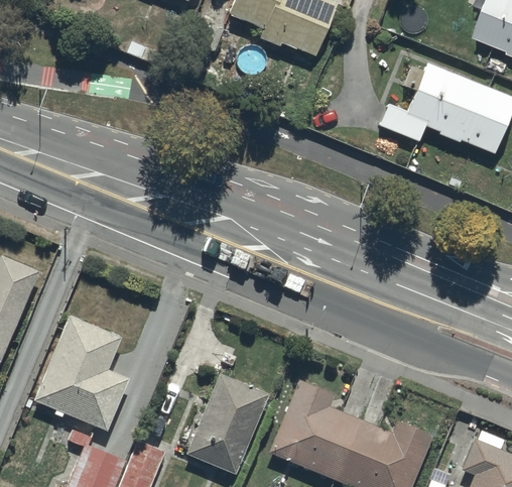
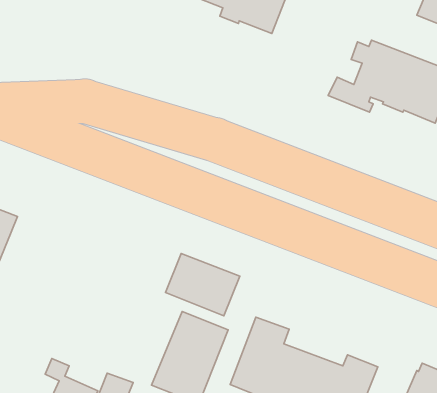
building: none -> [166,253,240,316]
building: [33,311,130,429] -> none

